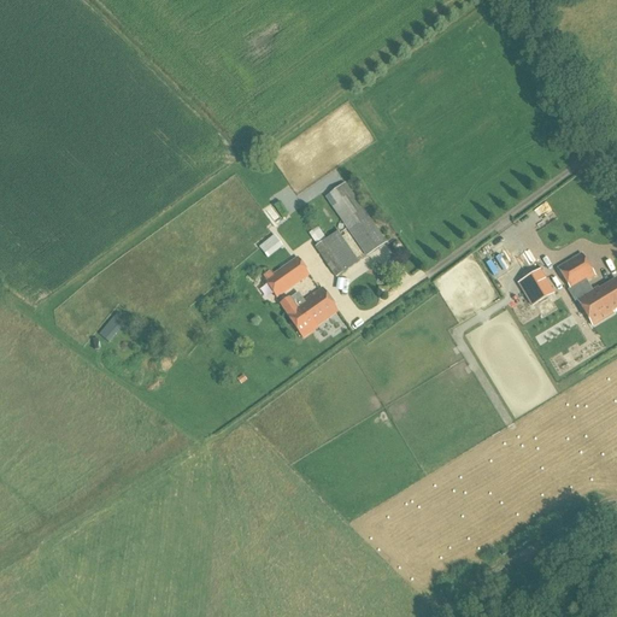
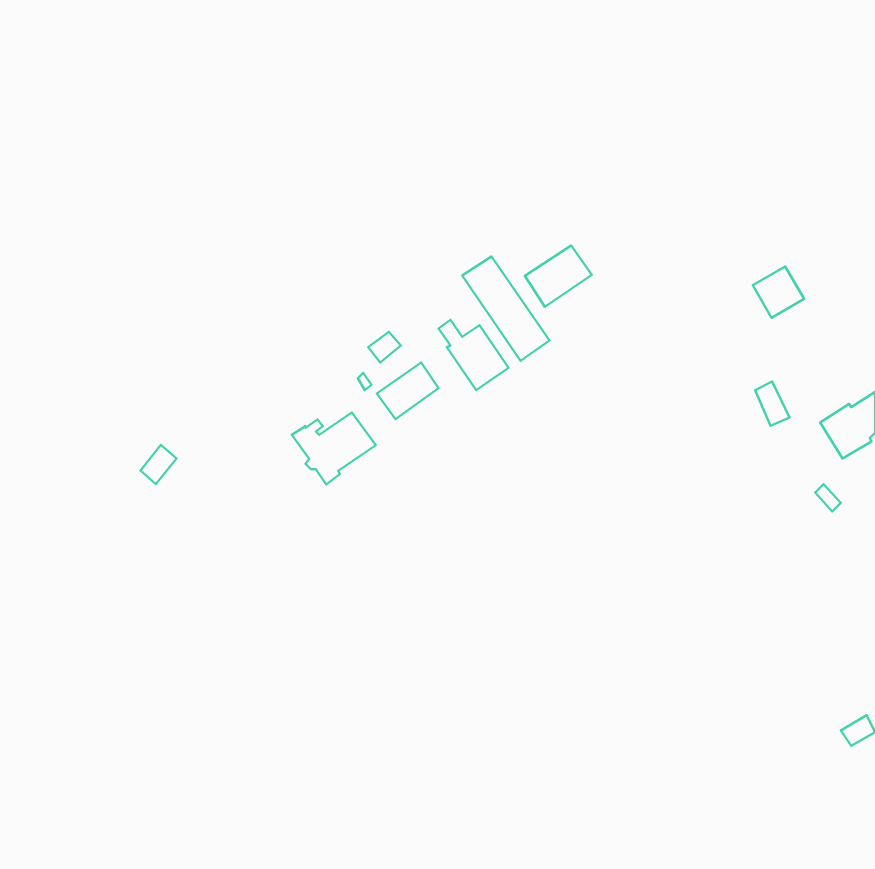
building: none -> [525,246,592,307]
building: [558,252,594,288] -> [753,266,804,318]
building: [280,286,339,336] -> [292,413,376,484]

